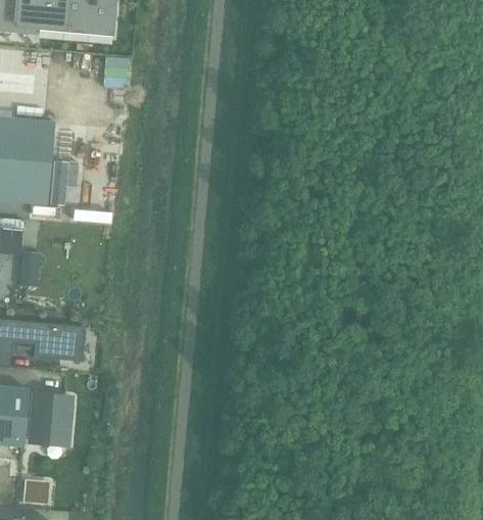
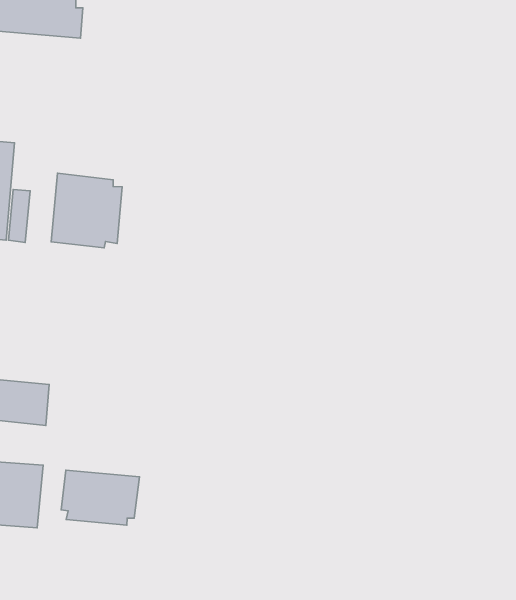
building: none -> [51,173,122,248]
building: none -> [61,470,140,525]

